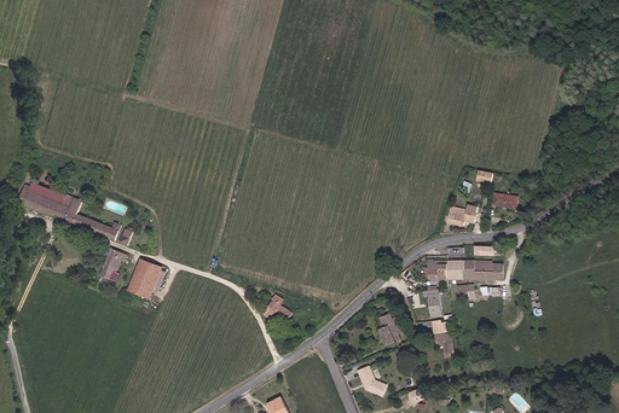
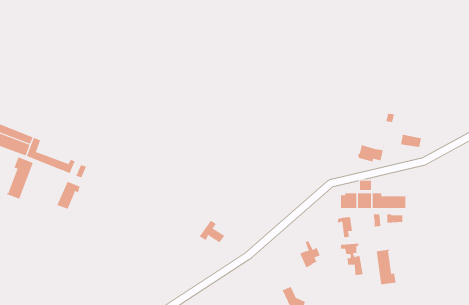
building: none -> [6,157,33,200]
building: [129,260,161,296] -> none
building: none -> [376,249,396,285]

